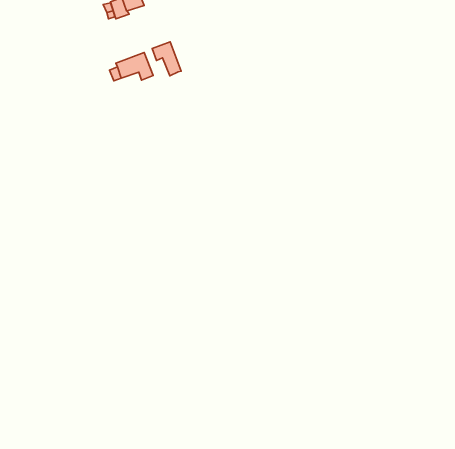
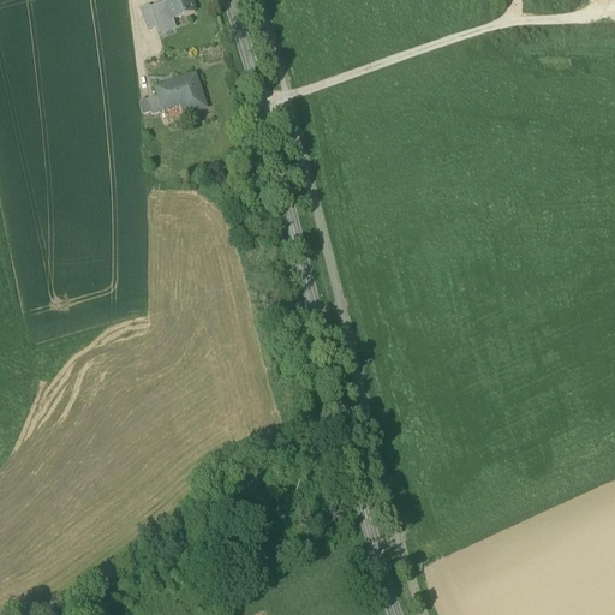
building: [152,42,181,76] -> none

